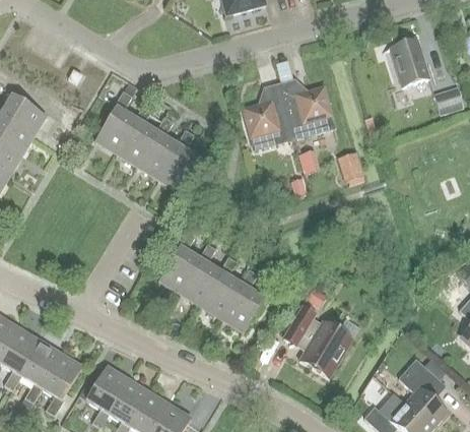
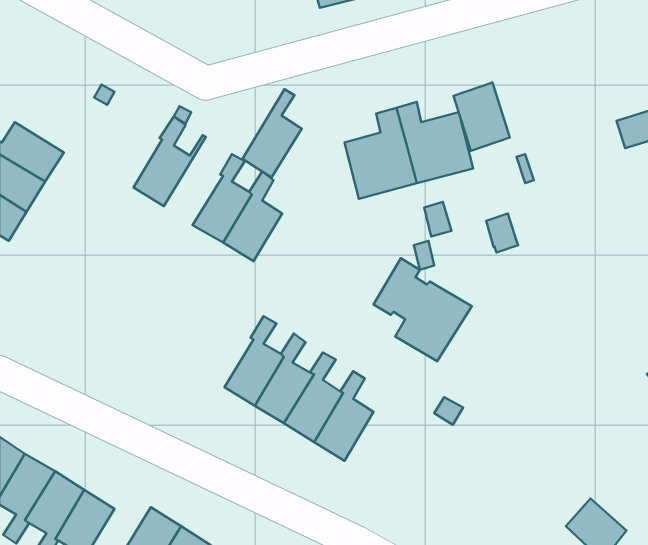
building: [389,38,428,85] -> [454,83,510,151]
building: [116,104,157,166] -> [243,89,302,178]
building: [283,304,352,376] -> [373,258,472,361]

